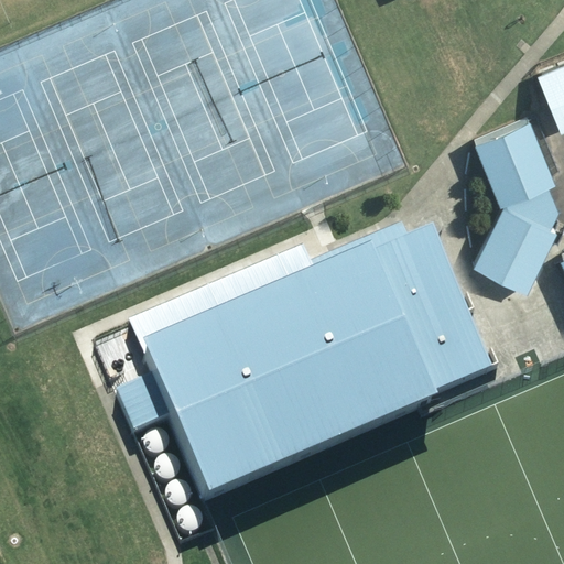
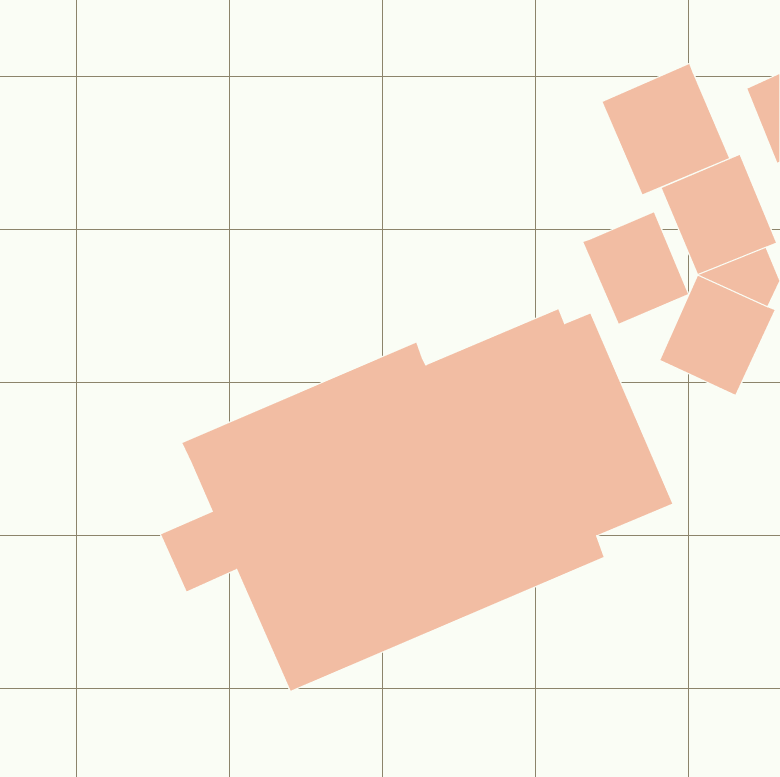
building: none -> [602,63,730,195]
building: none -> [583,211,689,325]

